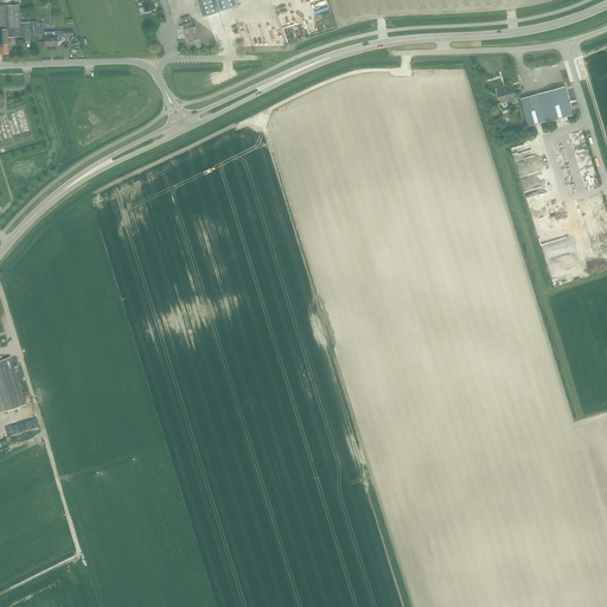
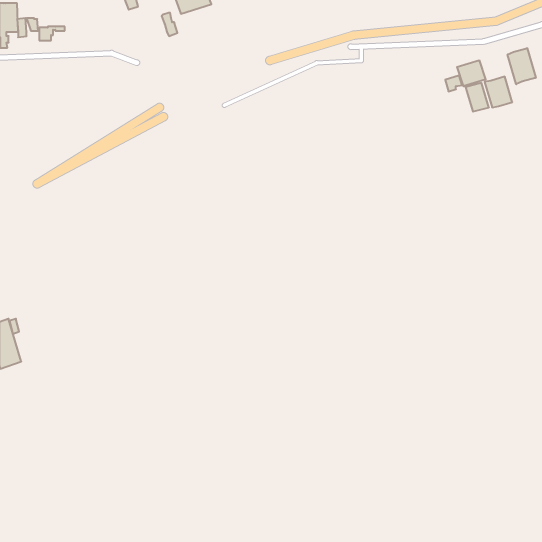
building: none -> [508,48,536,84]
building: none -> [457,60,486,86]

